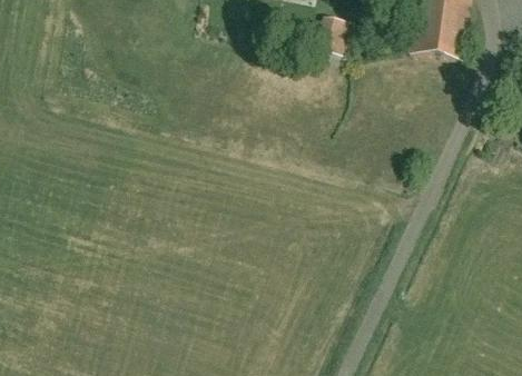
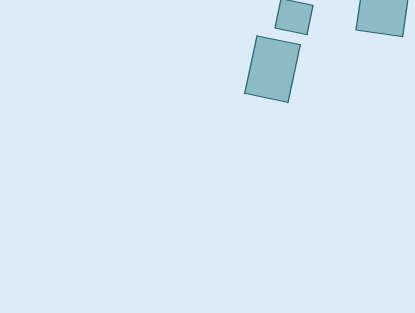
building: none -> [245,36,300,103]

